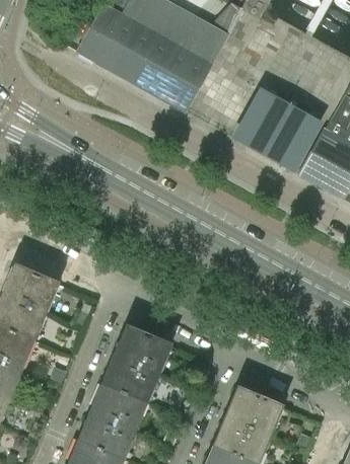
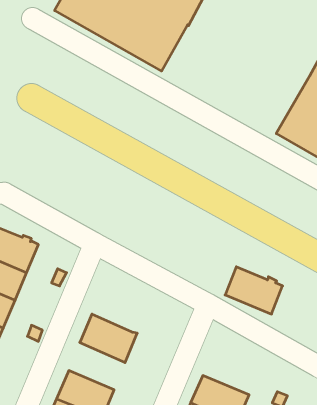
building: [237,90,314,167] -> none
building: [114,326,171,374] -> none
building: [90,383,147,431] -> none
building: [225,388,283,436] -> [225,267,283,314]

